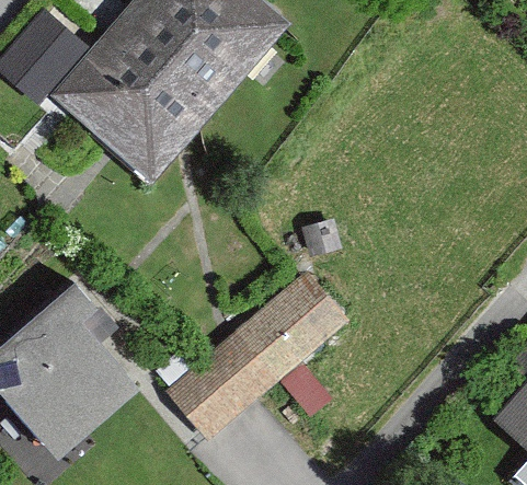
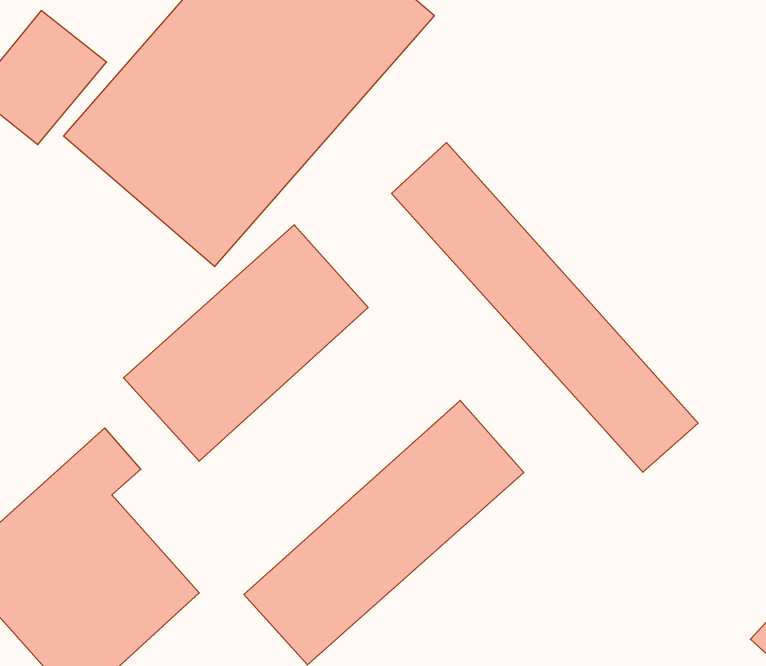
building: none -> [392,143,698,472]
building: none -> [123,225,368,461]

